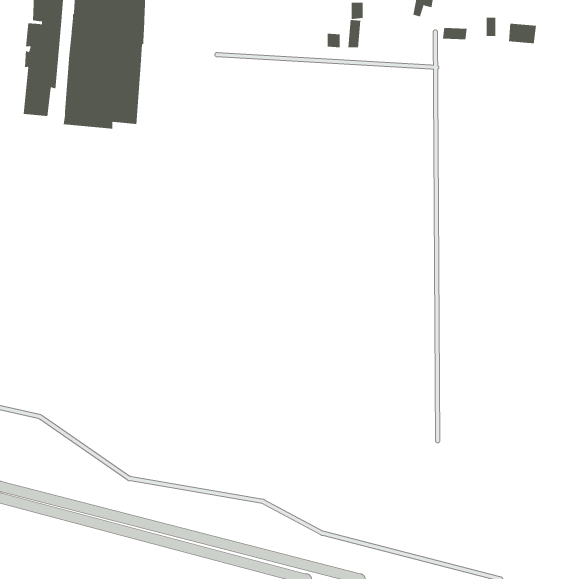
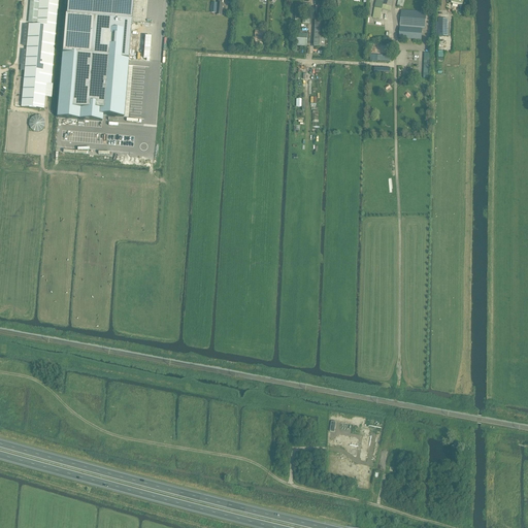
building: [508,23,537,44] -> [400,7,426,26]

